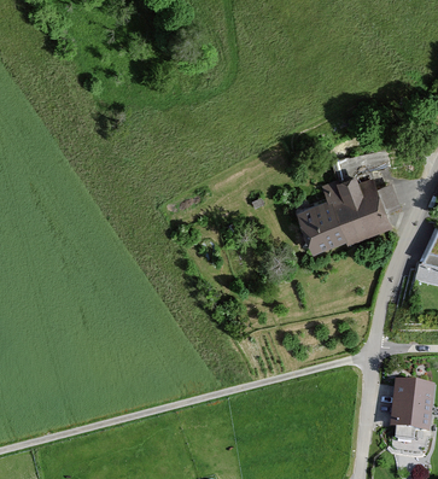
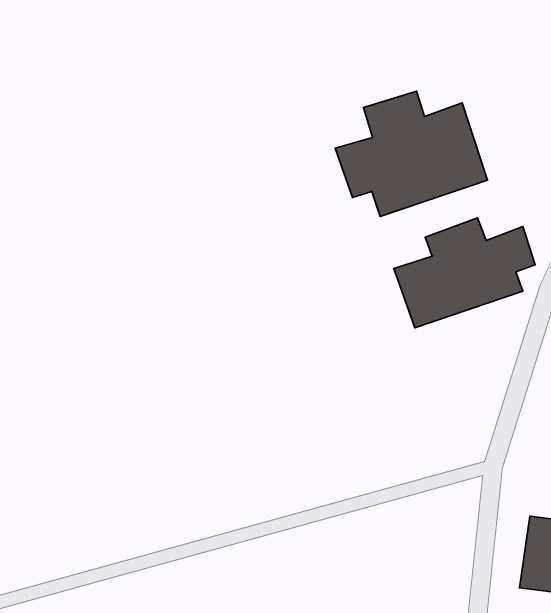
building: none -> [335,91,488,217]

